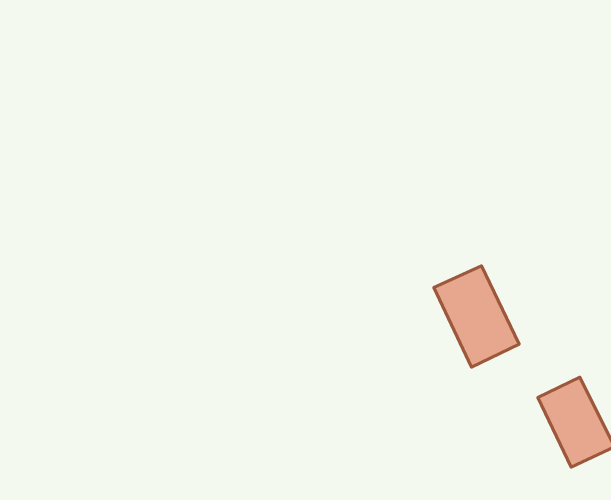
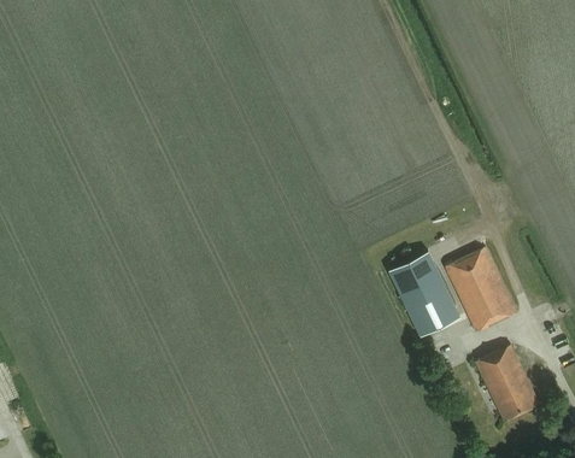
building: none -> [444,247,517,333]

